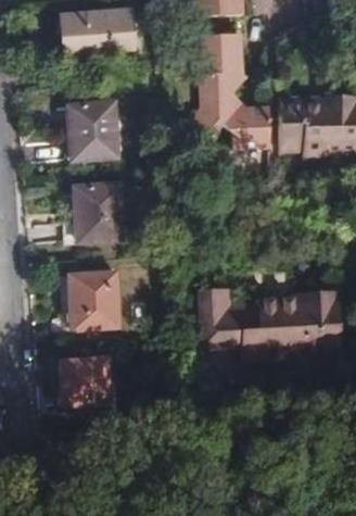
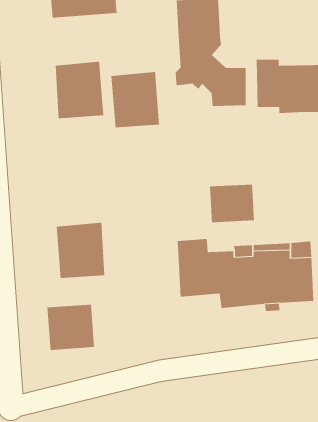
building: [73,180,125,240] -> [111,72,160,128]
building: none -> [210,184,254,223]

